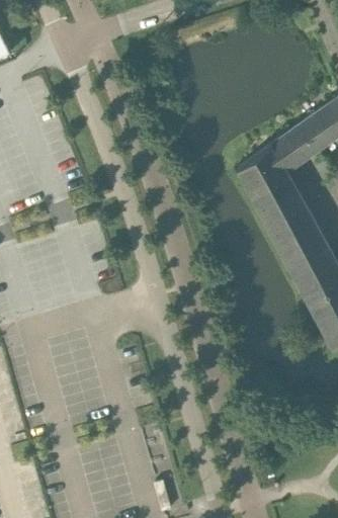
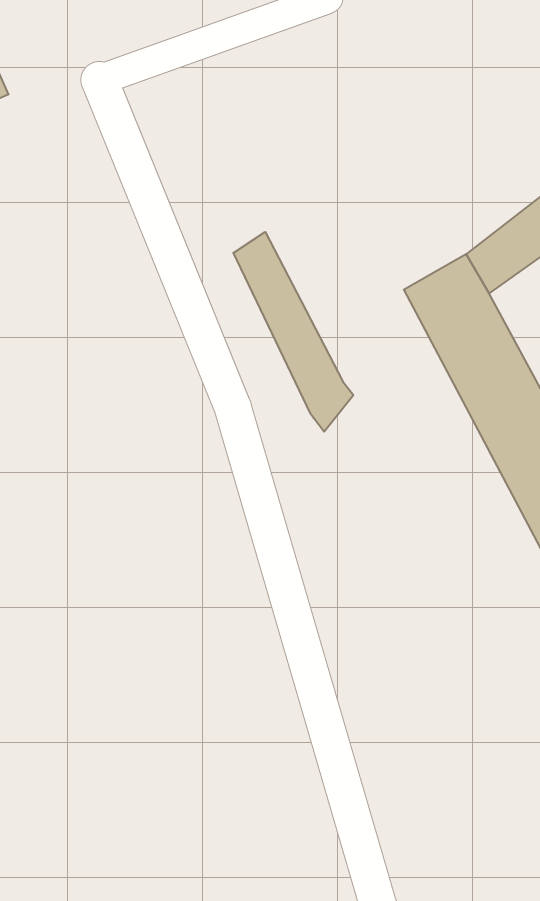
building: none -> [233,232,353,432]

